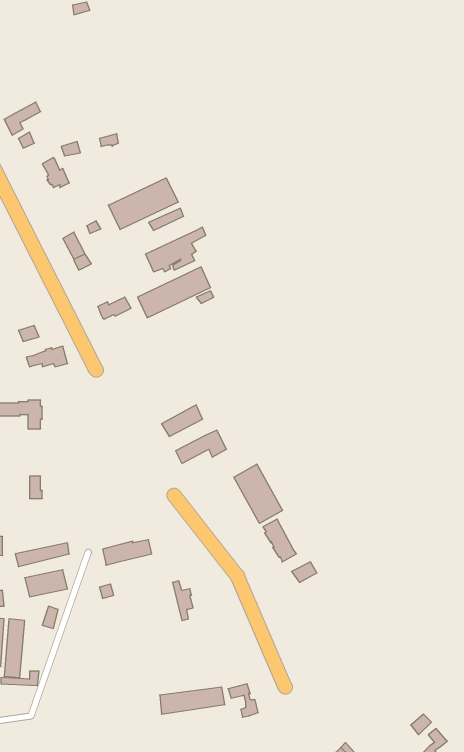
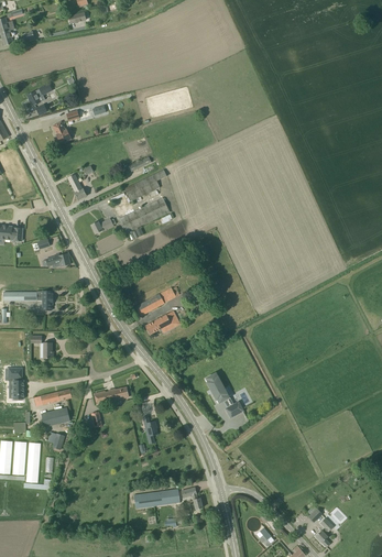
building: [108,178,178,230] -> none
building: [234,464,283,523] -> none

